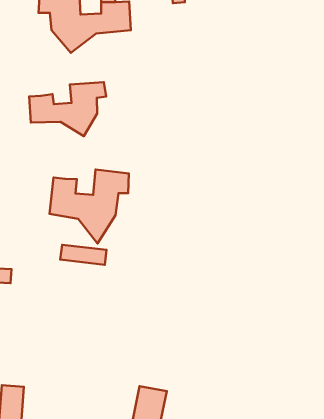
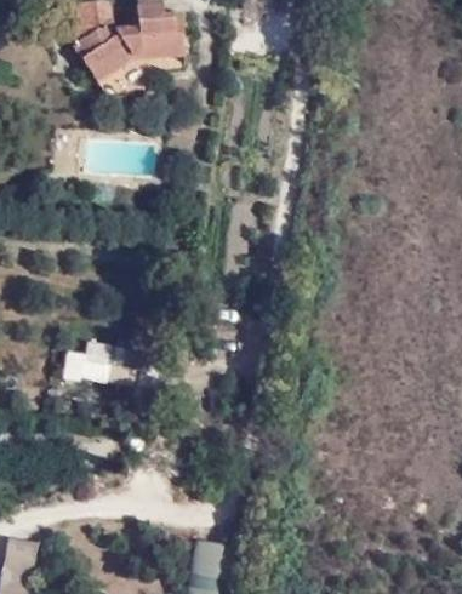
building: [29,82,106,136] -> none
building: [49,170,129,243] -> none

